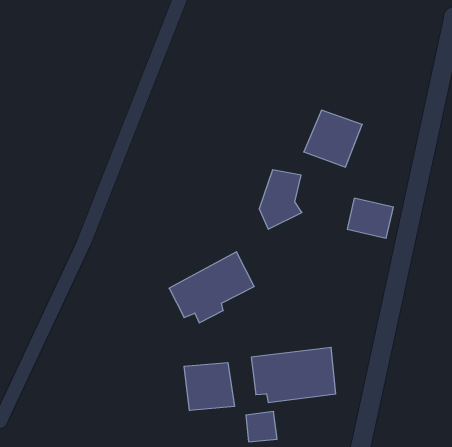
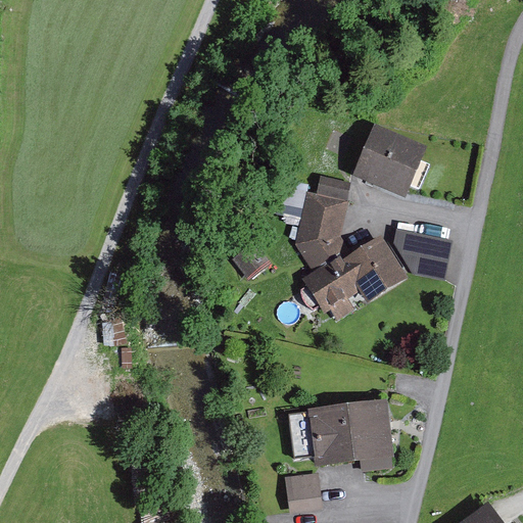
building: [169,252,254,323] -> [302,235,400,317]
building: [184,363,234,411] -> none

